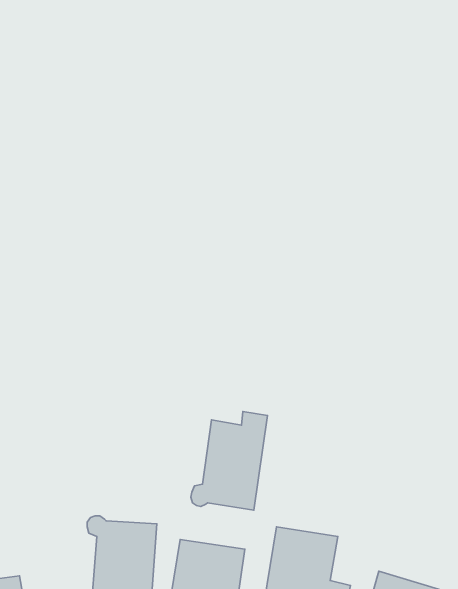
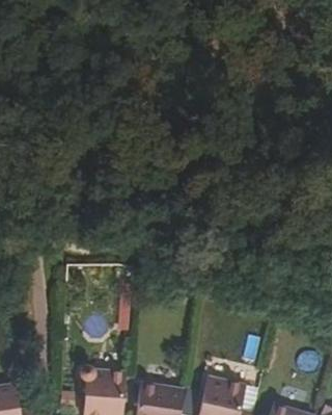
building: [191,411,268,510] -> none

